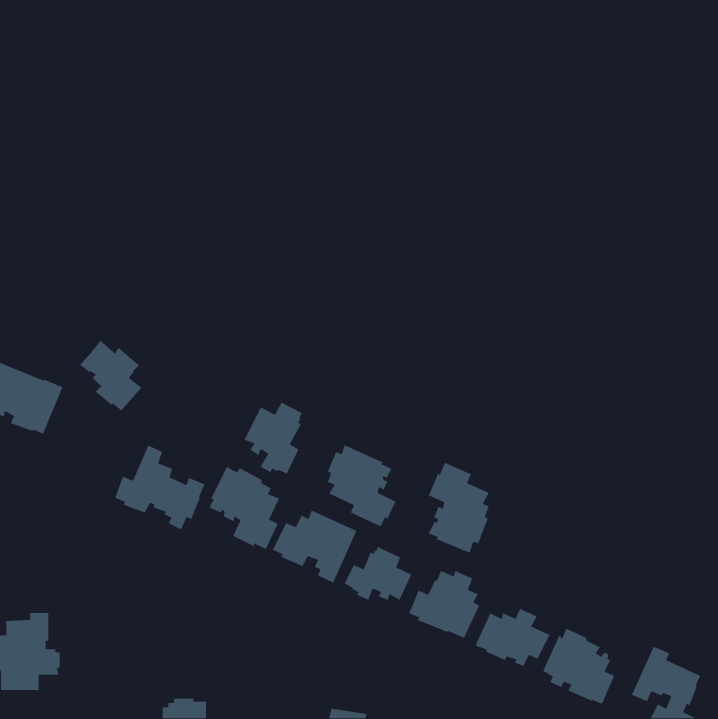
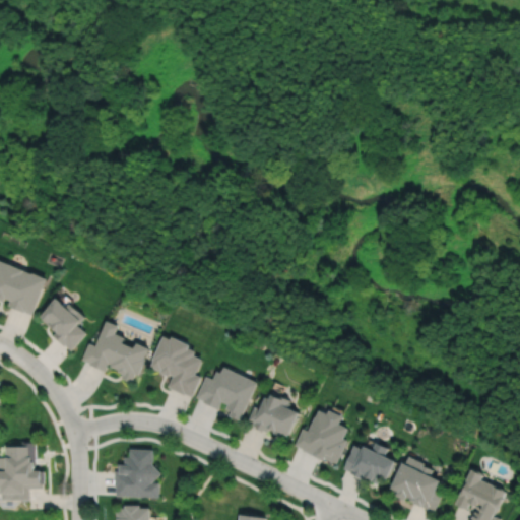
building: [79,340,143,412] -> [41,299,86,350]
building: [243,402,303,475] -> none
building: [327,444,396,528] -> none
building: [428,462,490,554] -> none
building: none -> [114,450,161,497]

